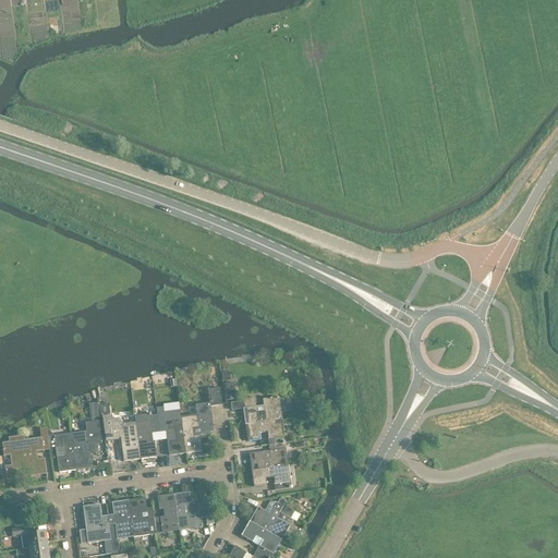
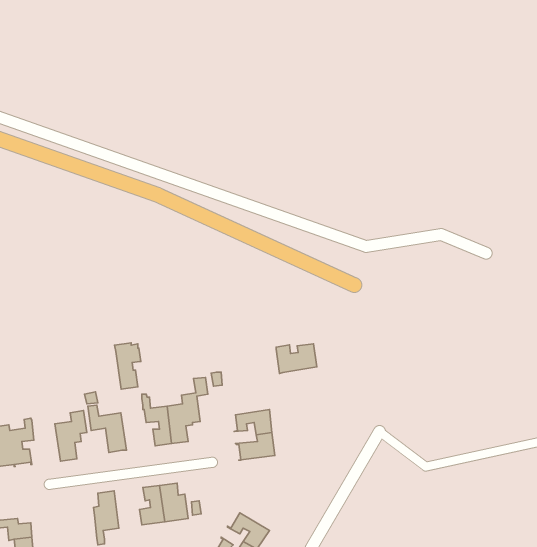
building: [241,396,281,425] -> [276,344,317,373]
building: [133,413,159,459] -> [115,343,141,389]
building: [46,429,74,472] -> none
building: [251,464,290,489] -> none
building: [128,497,155,536] -> none
building: [248,501,293,538] -> none
building: [82,504,110,546] -> none

